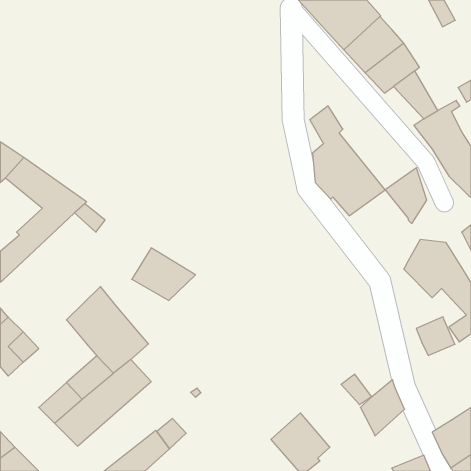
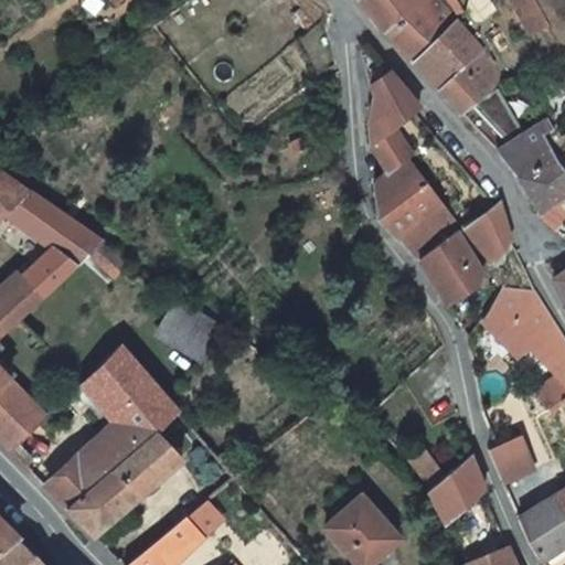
building: none -> [369,73,419,143]
building: none -> [418,231,482,303]
building: [416,317,455,355] -> [488,436,534,482]

